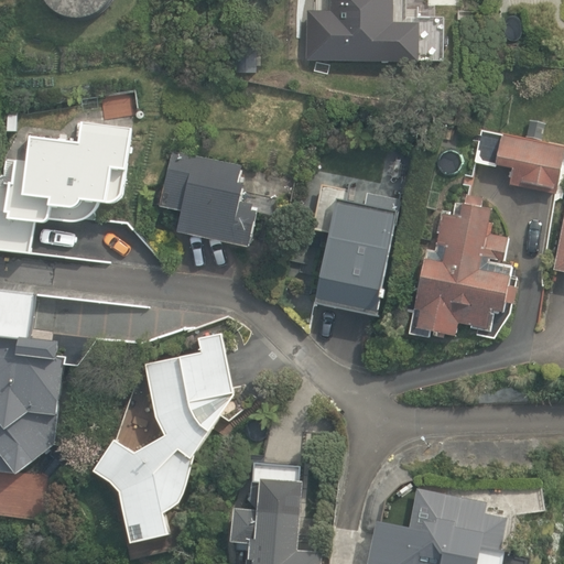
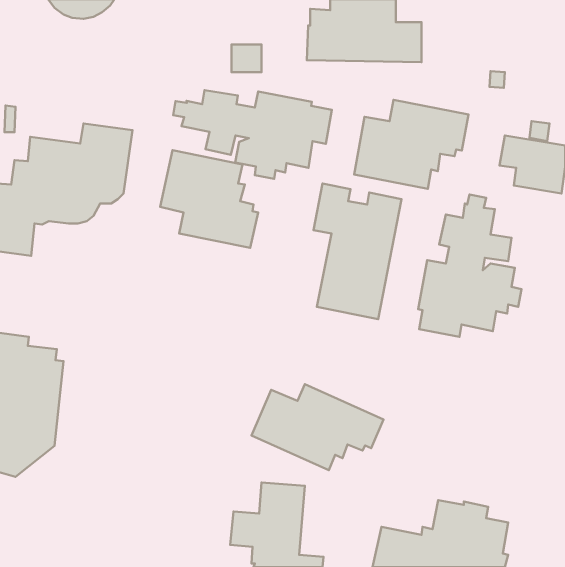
building: none -> [173,90,332,179]
building: none -> [354,100,469,189]
building: [93,332,232,543] -> none
building: none -> [251,384,384,470]

